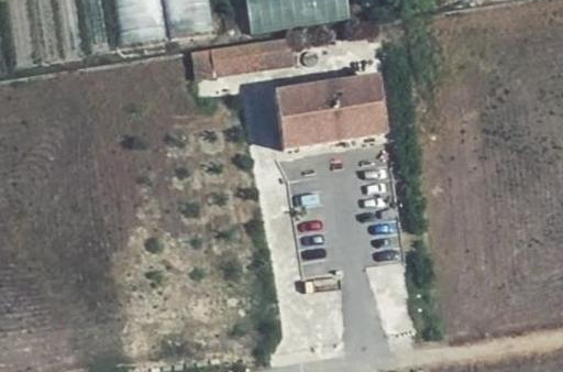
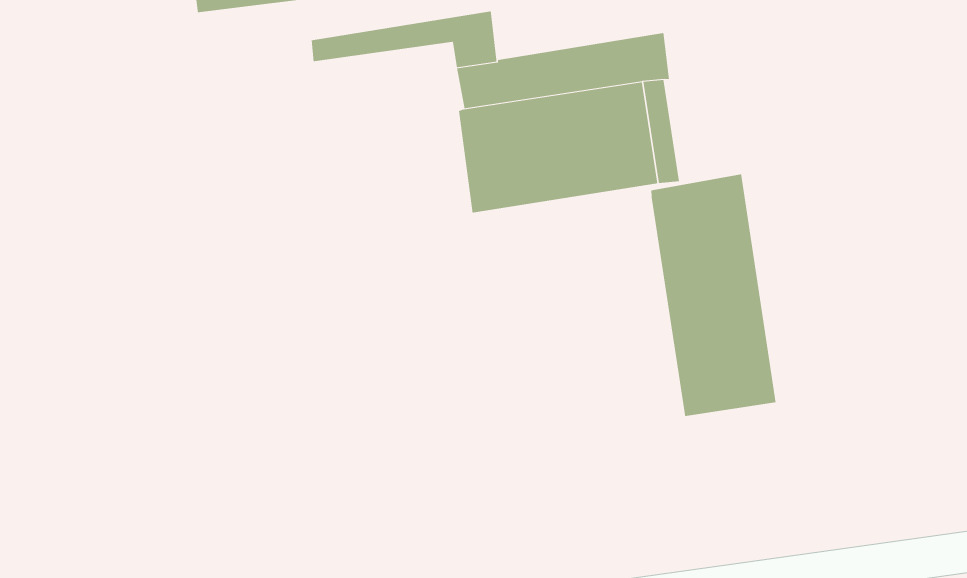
building: none -> [651,174,776,417]

